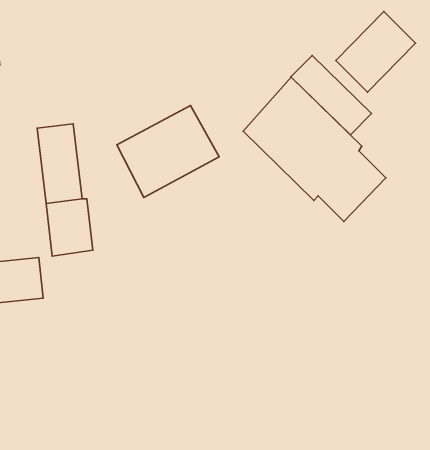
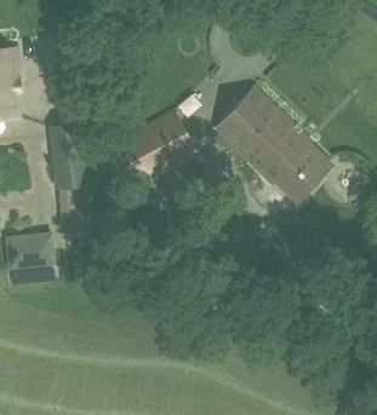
building: [336,12,415,92] -> none
building: [291,55,371,135] -> none

